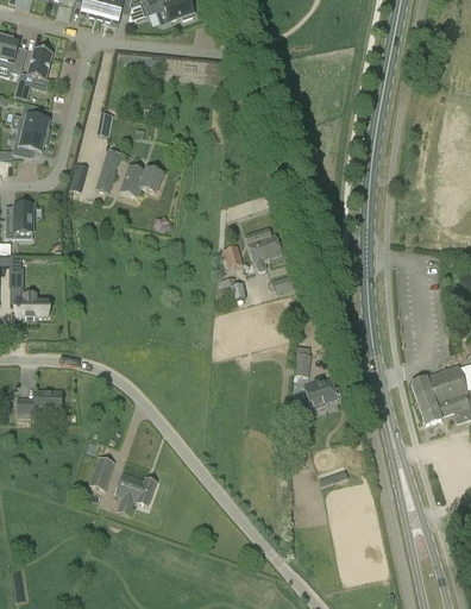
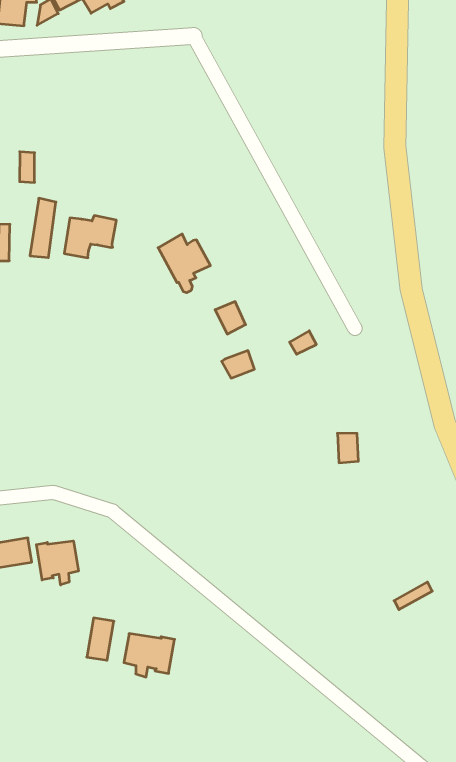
building: [245,227,281,270] -> [158,234,210,293]
building: [303,377,337,408] -> none
building: none -> [36,541,78,585]

